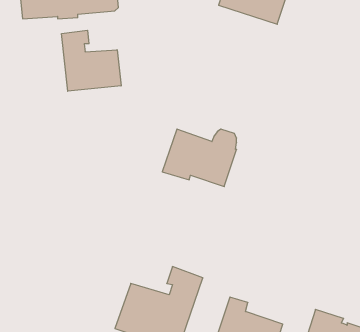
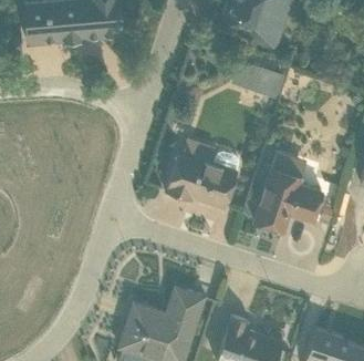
building: [62,30,121,91] -> none
building: none -> [243,64,282,99]
building: none -> [253,151,322,231]

